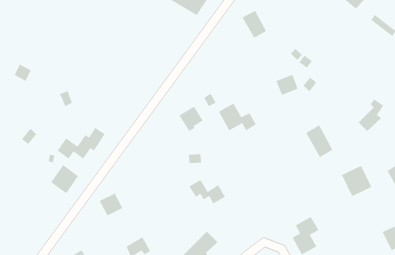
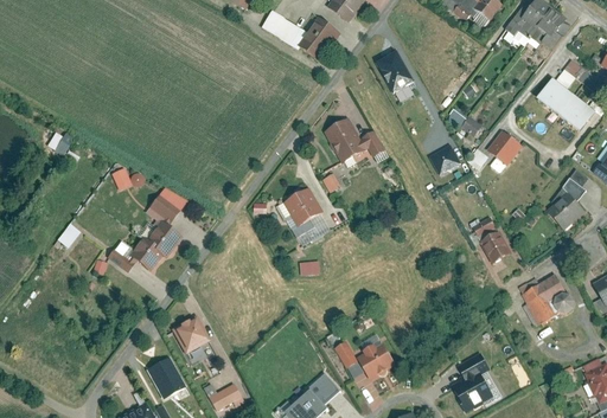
building: none -> [539,81,593,130]
building: none -> [485,128,525,167]
building: [218,103,256,131] -> [325,118,381,160]
building: none -> [143,188,177,220]
building: [51,164,79,194] -> none
building: [189,179,226,204] -> [336,337,390,374]
building: none -> [148,358,184,398]

